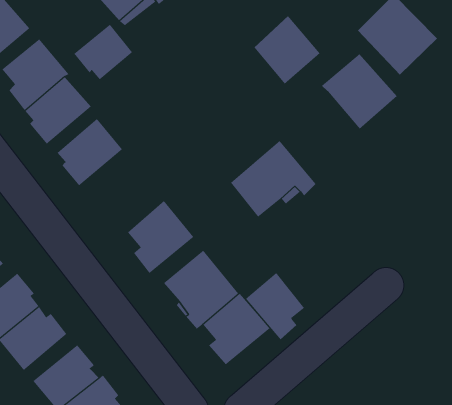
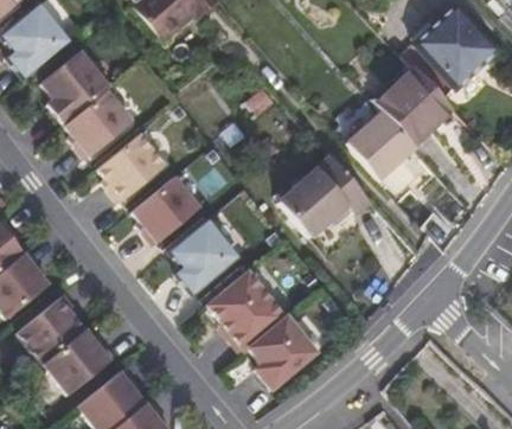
building: [253,15,320,84] -> [341,105,410,177]
building: [74,24,133,80] -> none
building: none -> [135,175,203,244]
building: [245,272,305,340] -> none

